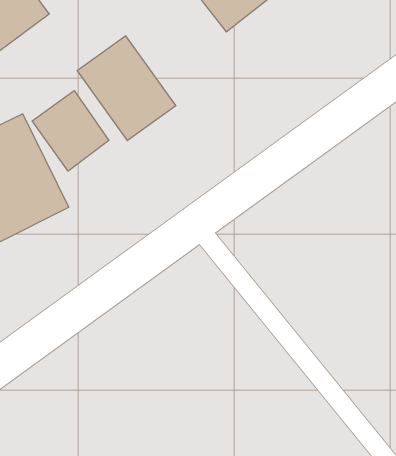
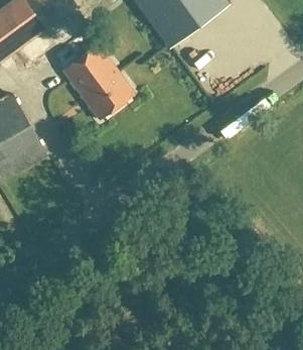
building: [32,91,109,171] -> none

